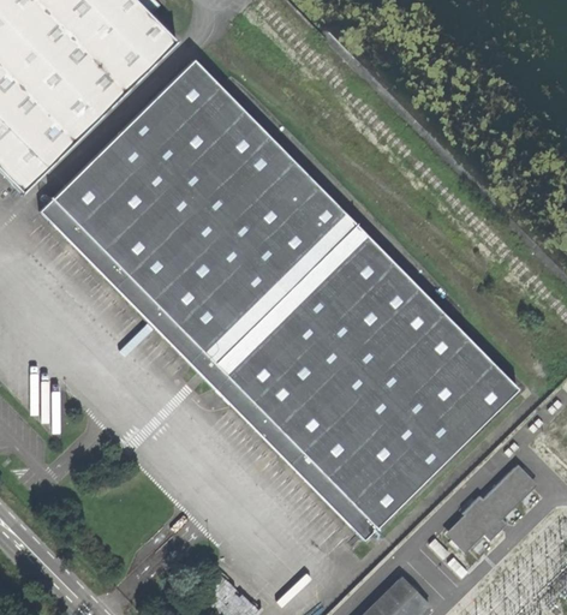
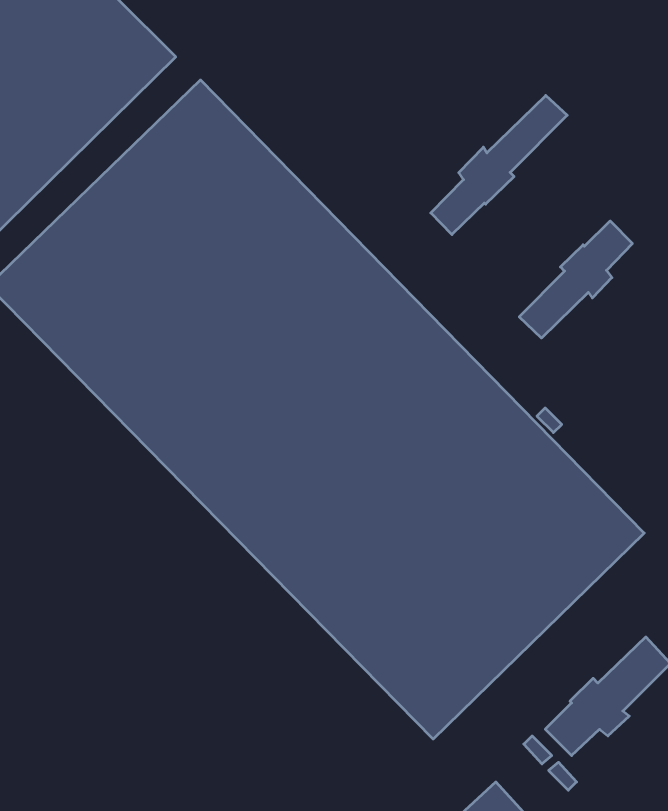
building: none -> [431,95,567,235]
building: none -> [519,221,632,338]

